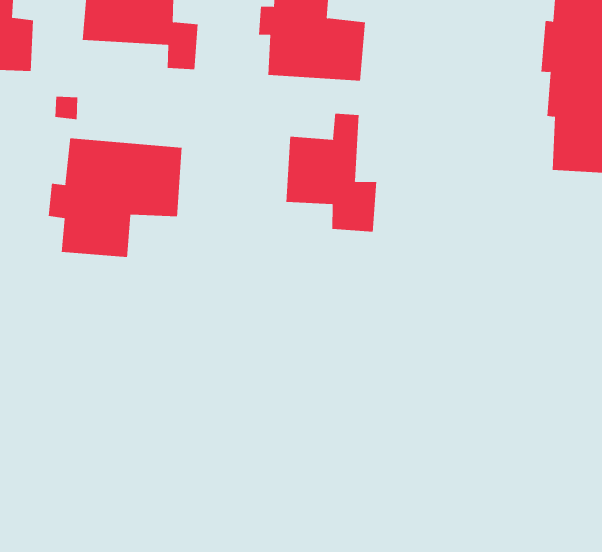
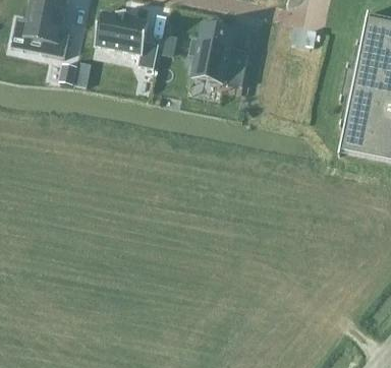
building: [286,113,377,232] -> none
building: [48,137,182,258] -> none

